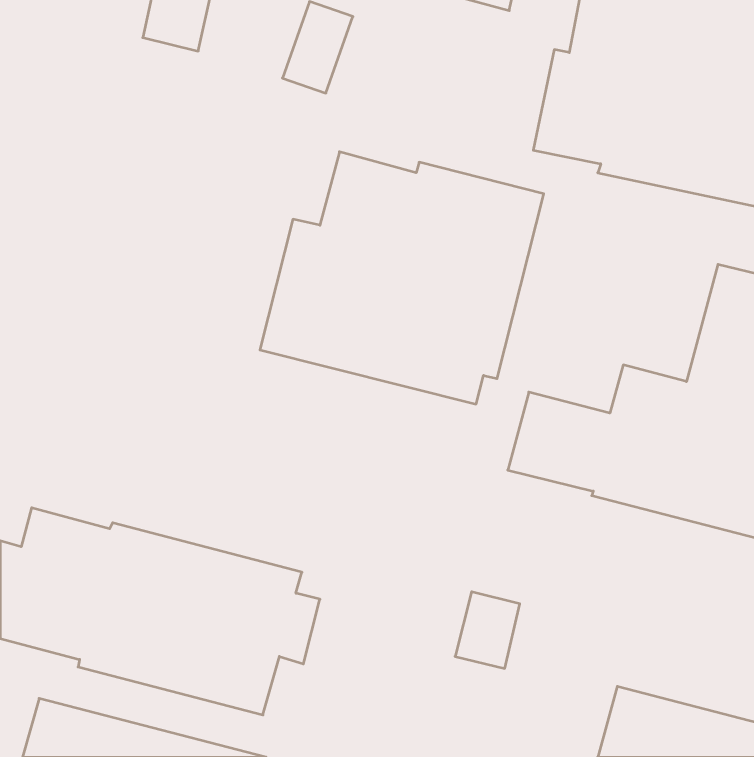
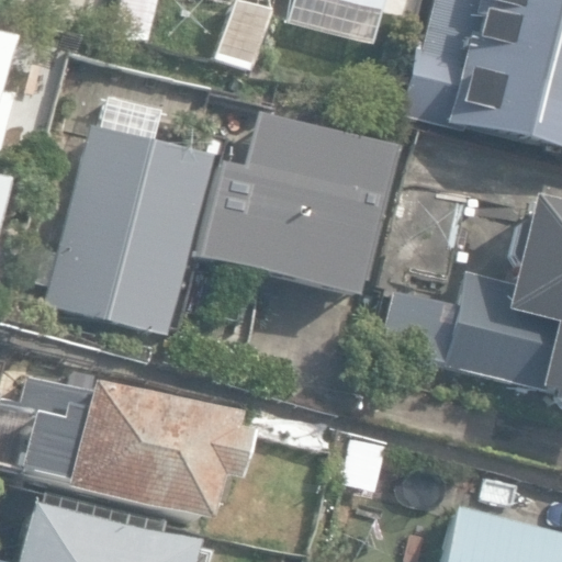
building: none -> [47,122,215,333]

